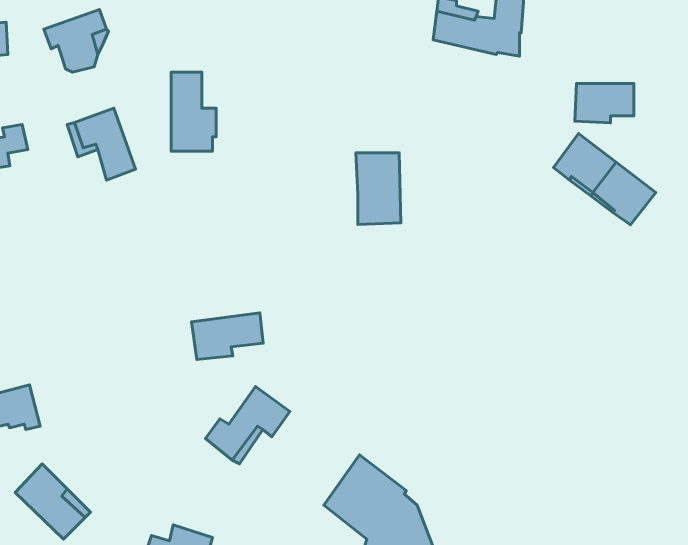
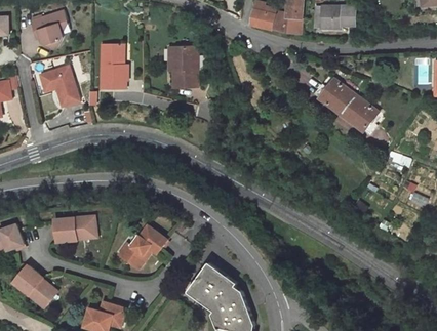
building: [575,83,634,123] -> [319,7,353,30]
building: [356,153,401,225] -> [171,47,197,88]
building: [192,313,263,359] -> [54,213,95,240]

